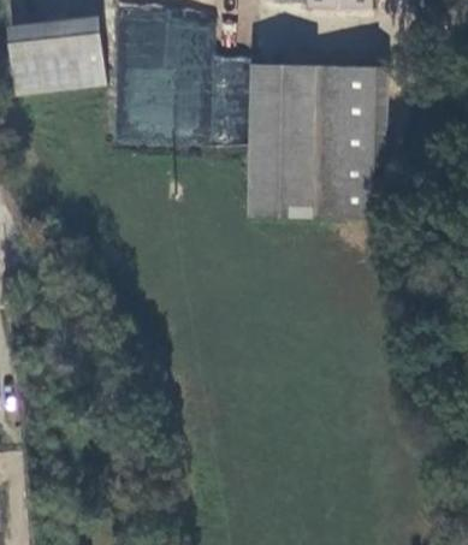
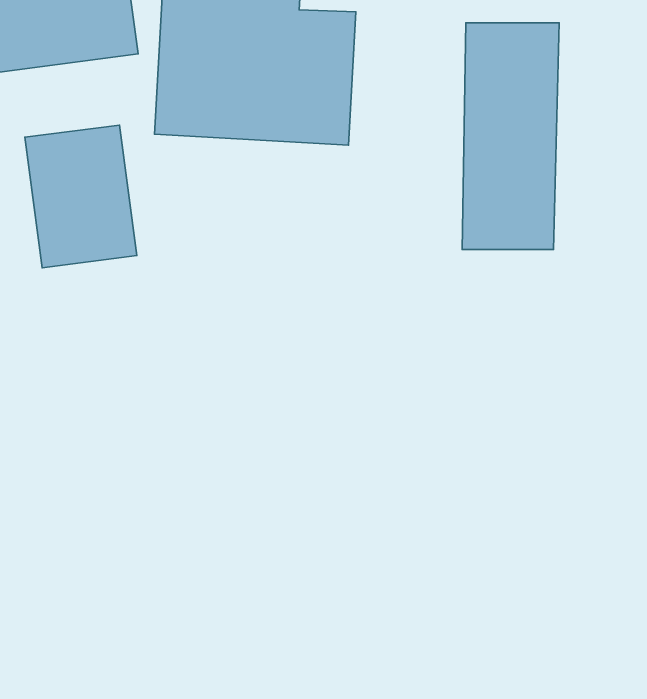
building: [255,63,320,214] -> none
building: none -> [25,125,137,268]

